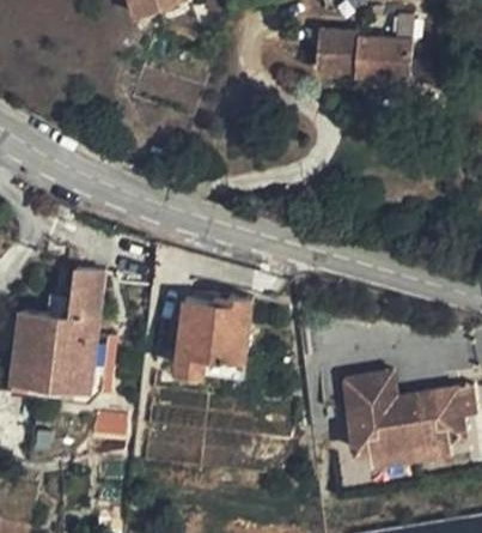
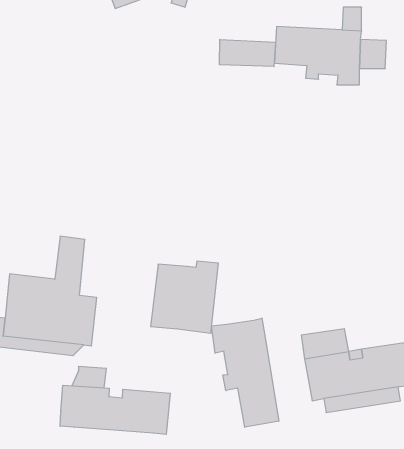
building: none -> [219,39,276,67]
building: none -> [212,318,279,427]
building: none -> [60,385,170,434]

